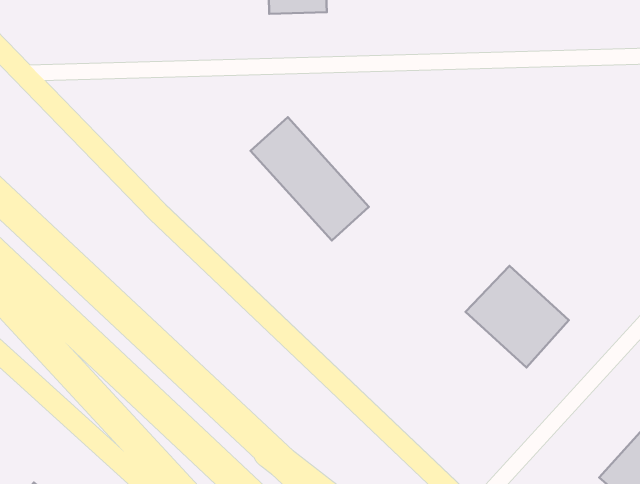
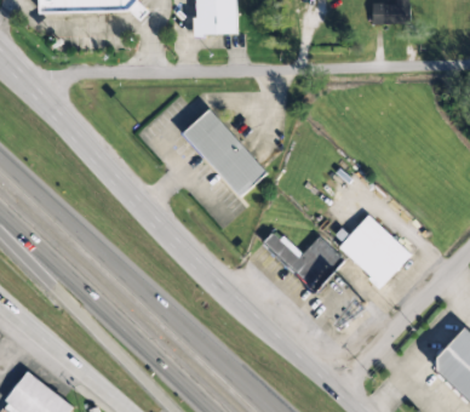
building: none -> [262,229,343,291]

